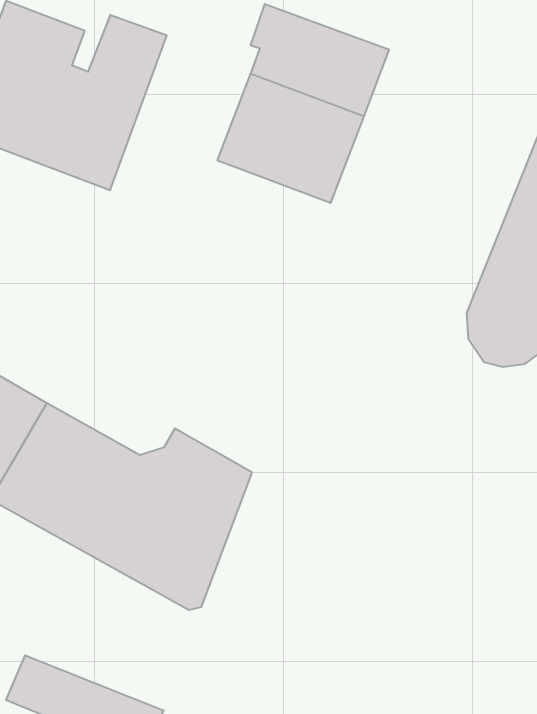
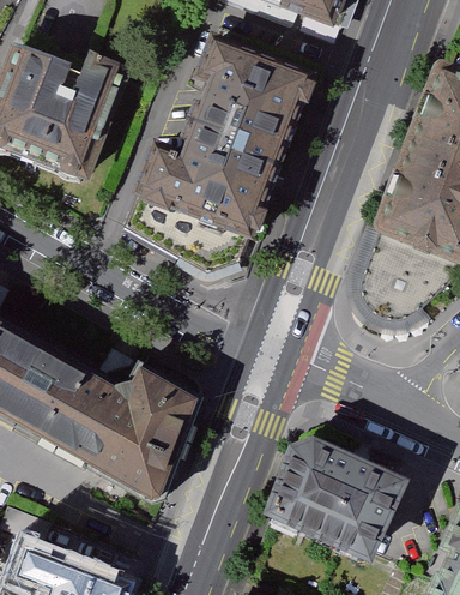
building: none -> [129,150,262,258]
building: none -> [271,440,403,557]

